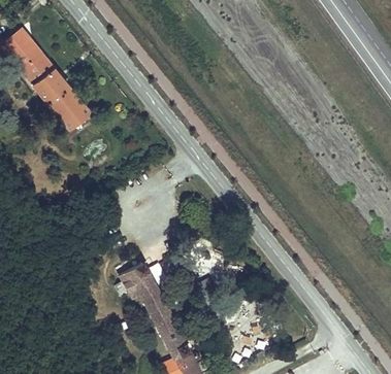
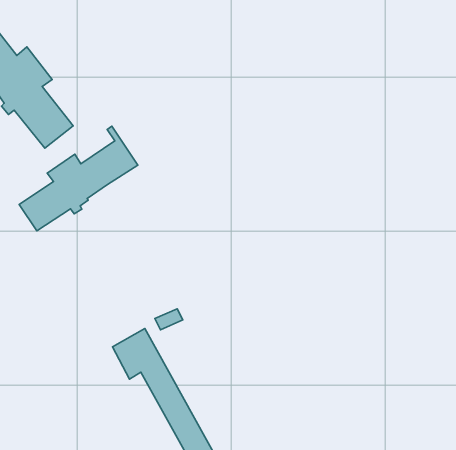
building: none -> [19,126,138,231]

